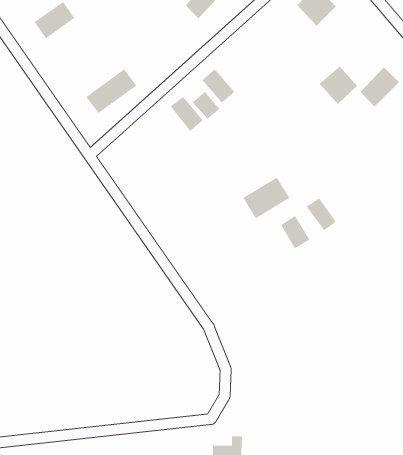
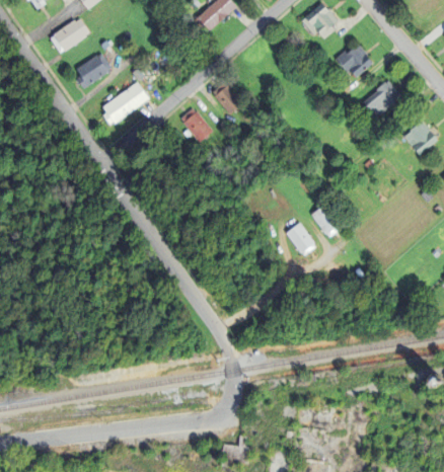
building: none -> [73,53,113,88]
building: [319,66,358,105] -> [336,43,373,80]
building: [192,91,220,119] -> none
building: [242,177,290,219] -> none

